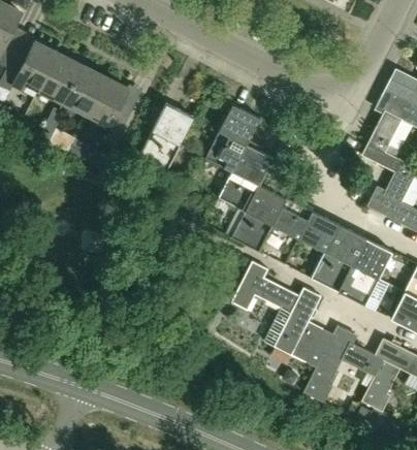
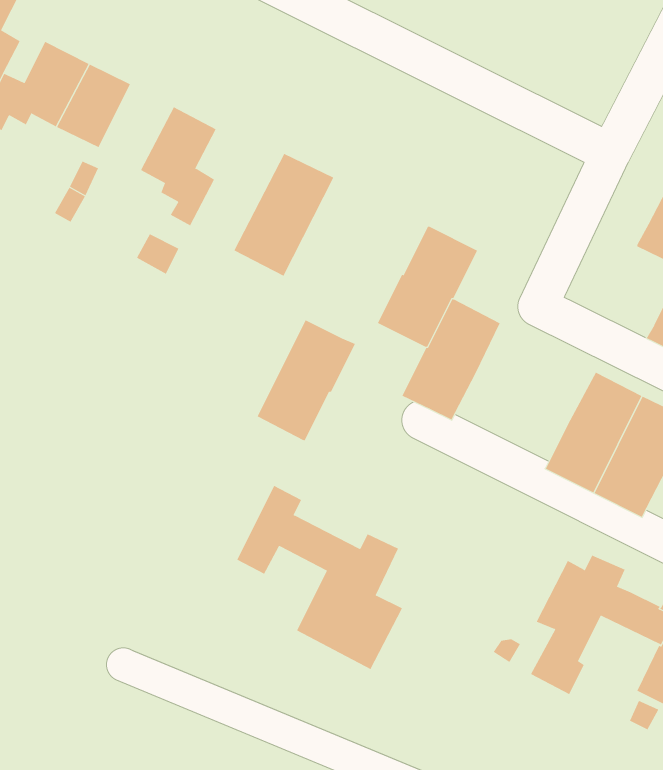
building: [64,65,105,112] -> none
building: [205,103,260,170] -> [257,319,356,441]
building: [272,197,339,251] -> none
building: [231,260,323,362] -> [237,485,403,670]

